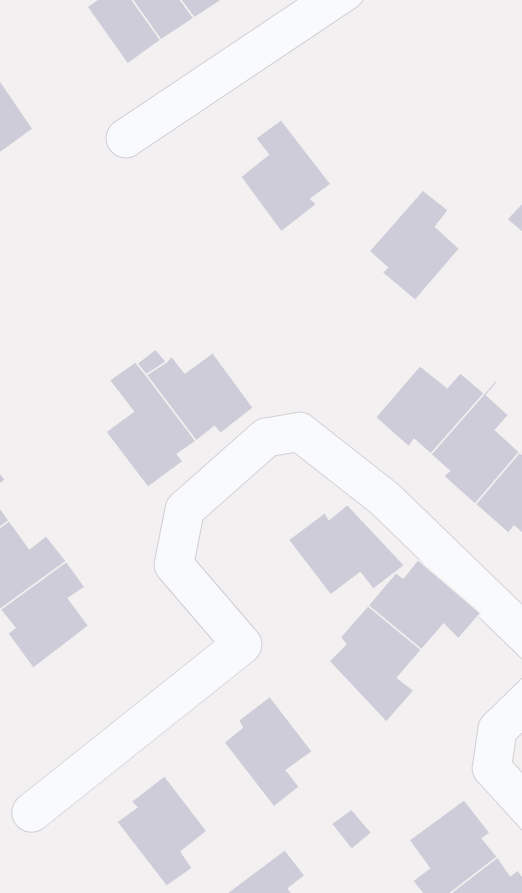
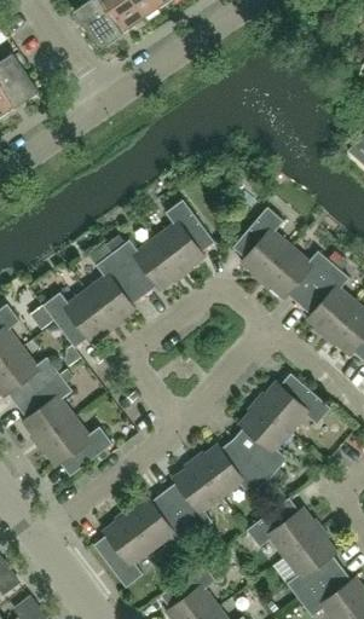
building: [241,120,331,232] -> [156,199,215,273]
building: [369,190,460,301] -> [232,207,291,279]
building: none -> [42,289,114,347]
building: [288,505,405,595] -> [193,439,270,498]
building: none -> [39,416,112,475]
building: none -> [125,492,196,550]
building: none -> [247,497,320,556]

